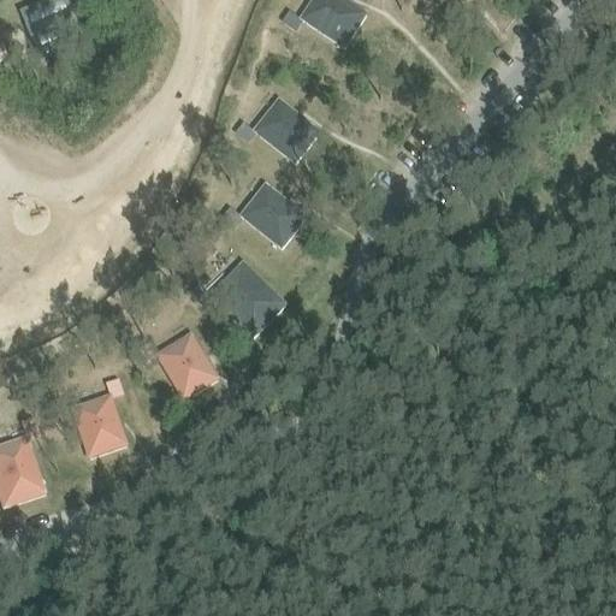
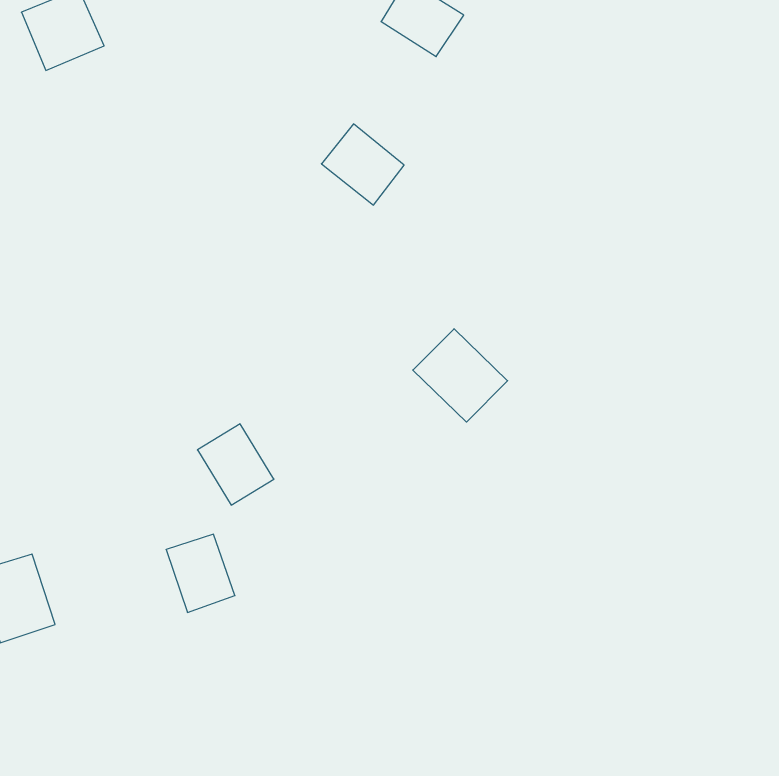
building: [239,183,304,245] -> none
building: [209,261,284,334] -> [413,329,508,422]
building: [71,395,125,456] -> [166,534,235,612]

